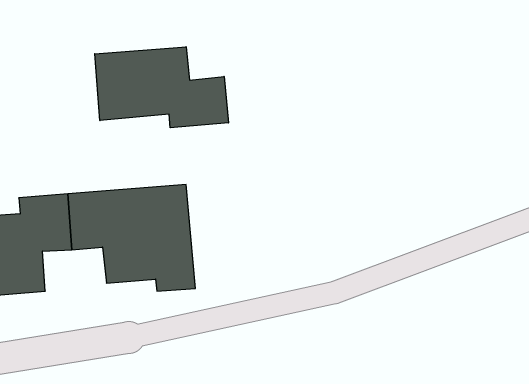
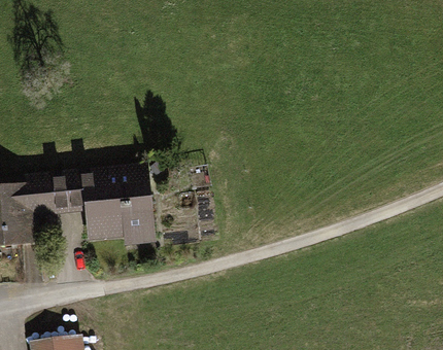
building: [95,47,228,128] -> none

